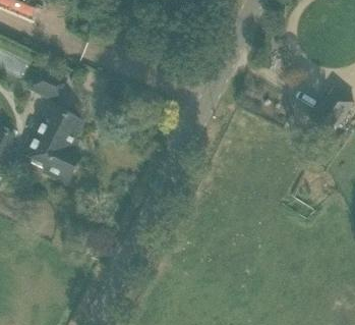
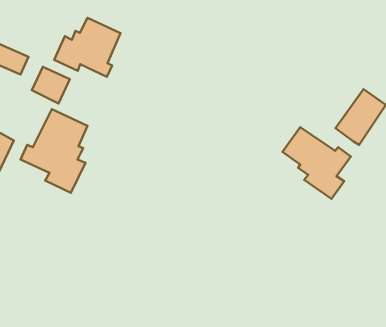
building: none -> [54,18,120,77]
building: none -> [283,127,351,199]

